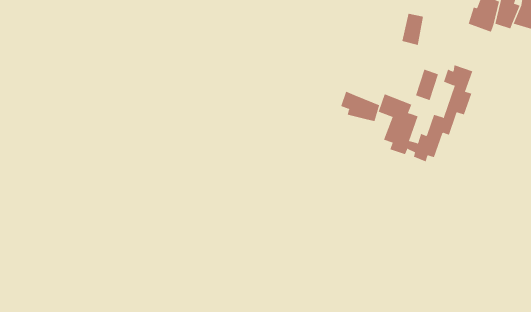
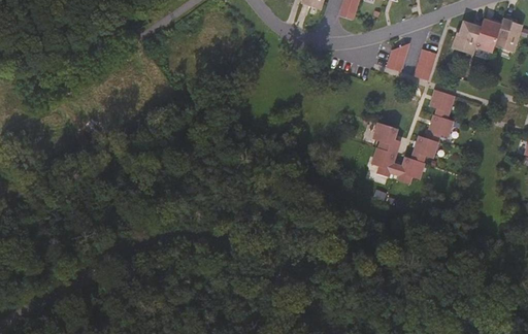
building: [415,69,439,101] -> [415,47,437,78]
building: [340,91,380,122] -> none

